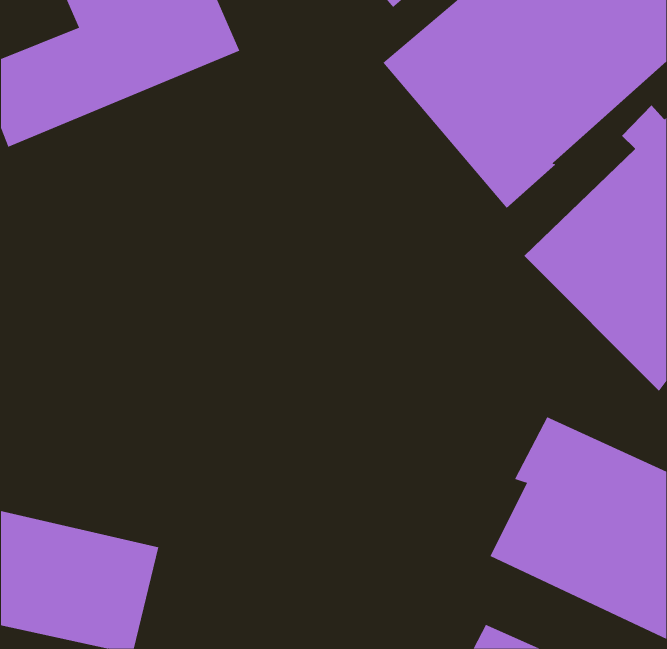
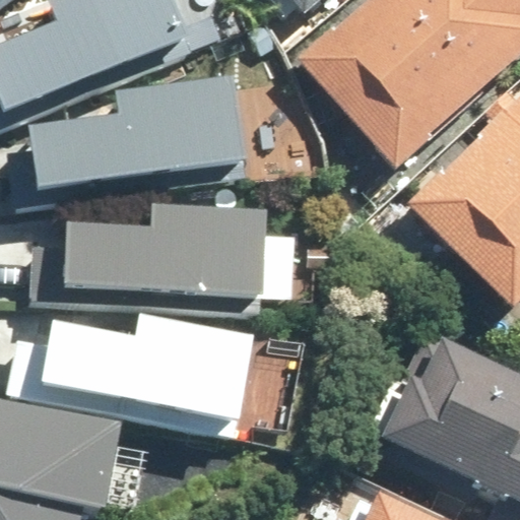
building: none -> [34,80,244,189]
building: none -> [70,200,271,301]
building: none -> [41,315,254,422]

